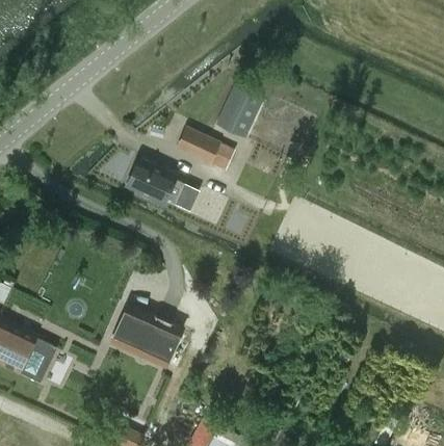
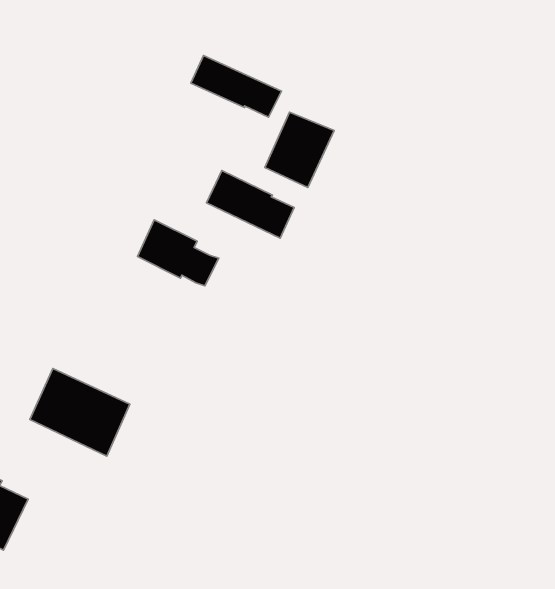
building: none -> [191,56,281,117]
building: [112,306,180,365] -> [30,369,130,456]

